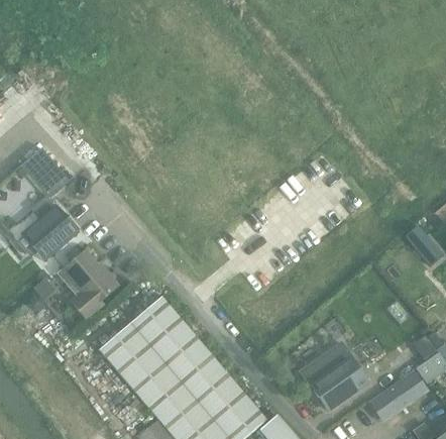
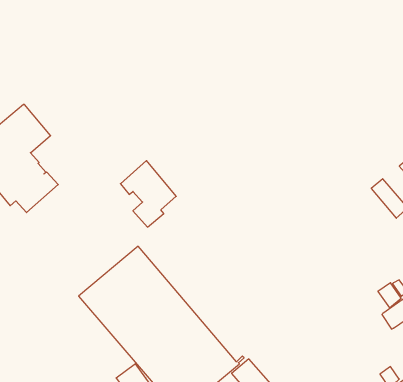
building: [59,248,117,318] -> [120,161,176,227]
building: [302,343,368,409] -> none
building: [370,370,429,421] -> none

